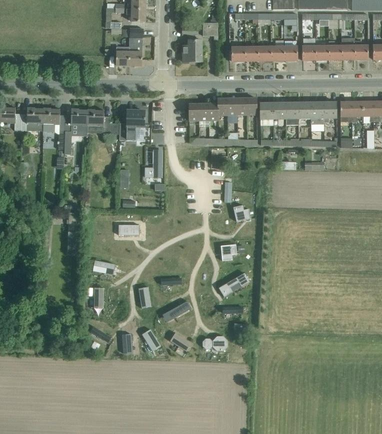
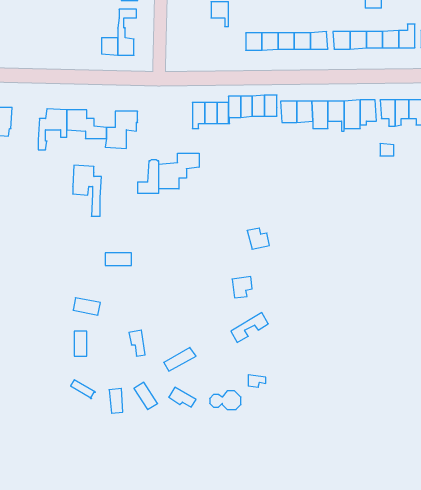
building: [182,26,201,61] -> none
building: [42,107,65,148] -> [73,165,101,216]
building: none -> [159,153,199,189]

